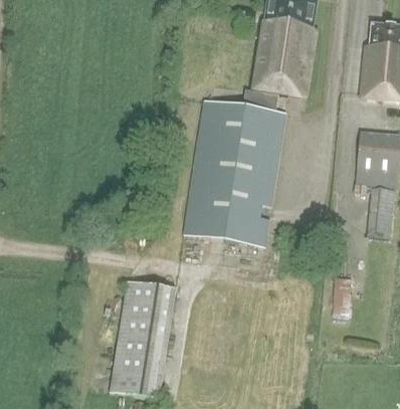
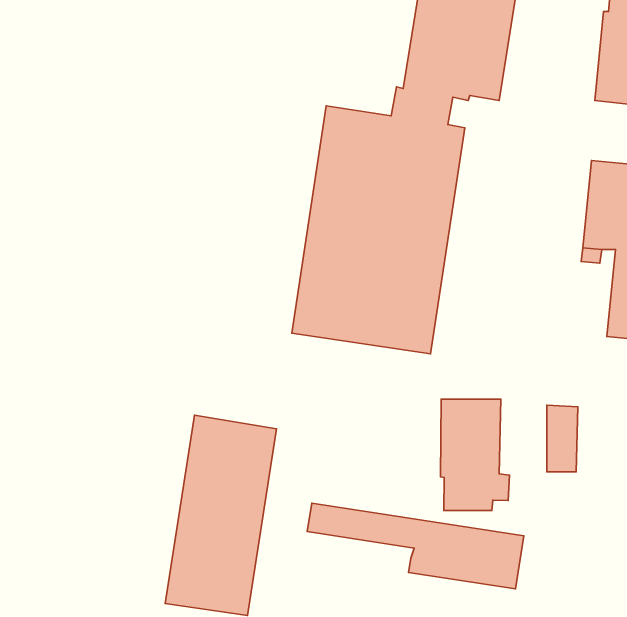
building: none -> [440,399,509,510]
building: none -> [307,503,524,589]

